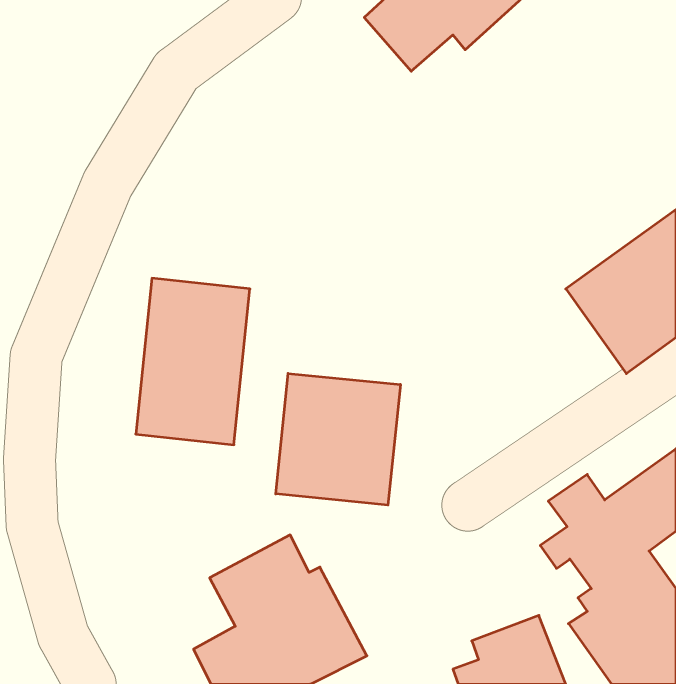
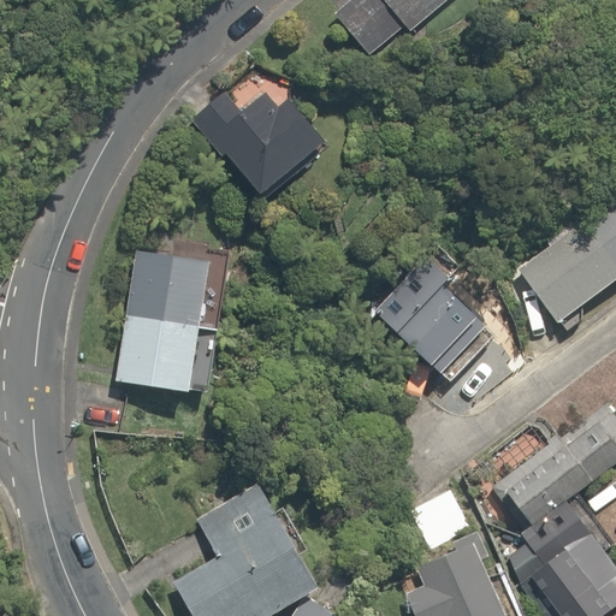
building: none -> [182,79,343,209]
building: none -> [381,259,486,375]
building: [276,373,400,505] -> none

